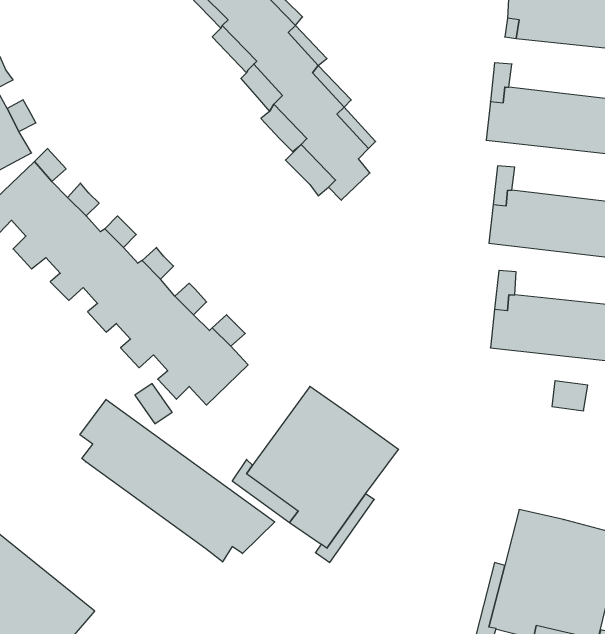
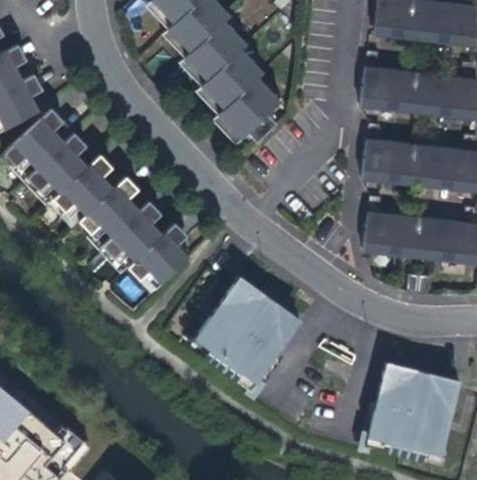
building: [80,399,275,562] -> none

